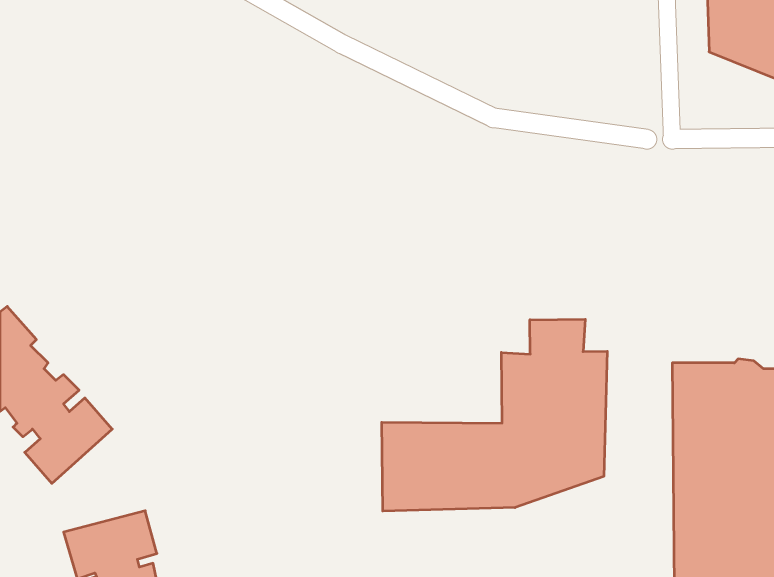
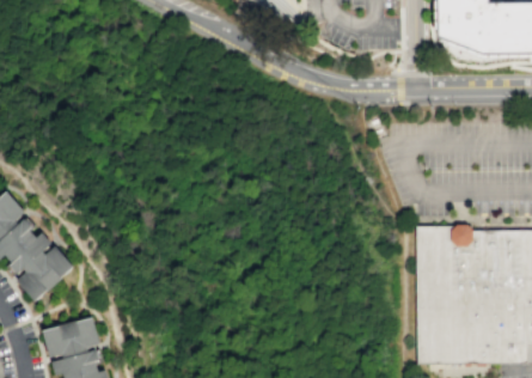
building: [382,319,607,511] -> none

